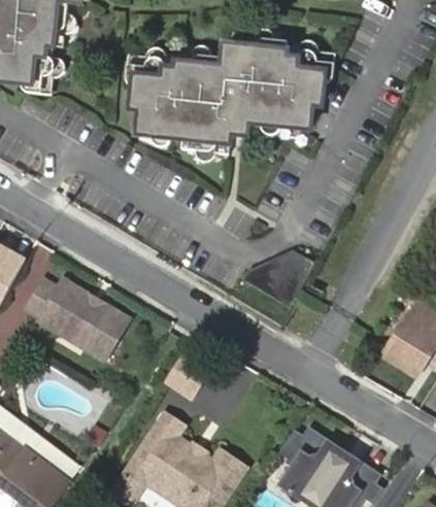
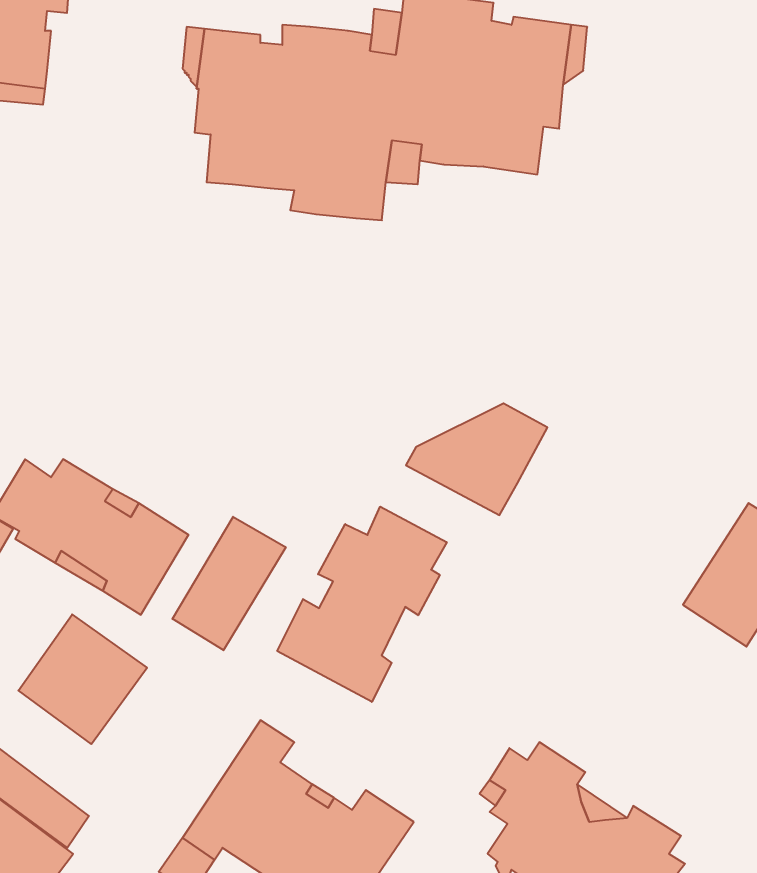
building: none -> [277,507,447,702]
building: none -> [172,517,286,650]
building: none -> [18,614,147,744]

